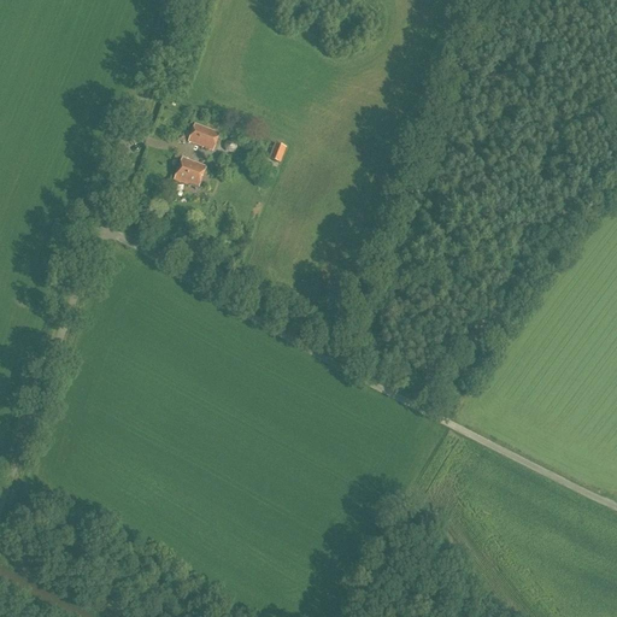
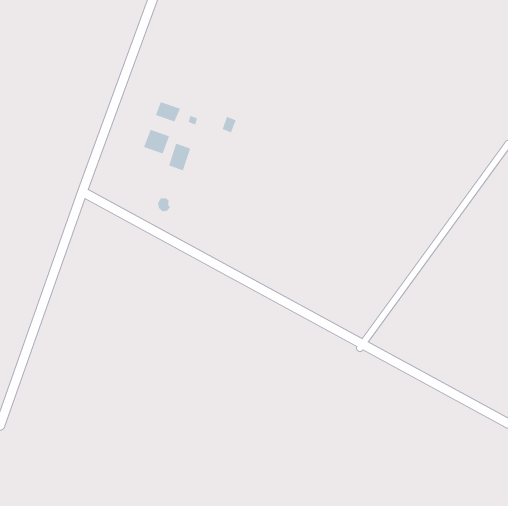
building: none -> [168,143,191,171]

